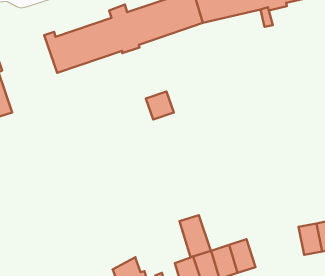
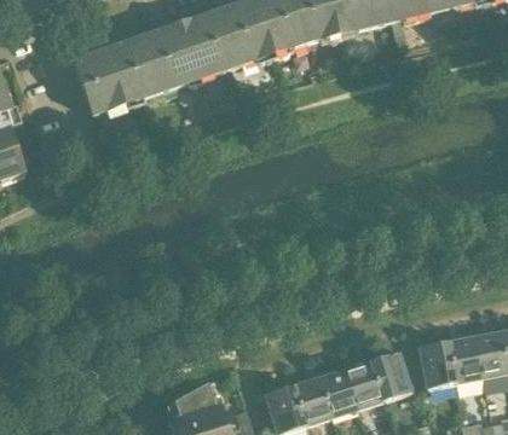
building: [146,92,174,120] -> none
building: [179,215,211,257] -> none
building: none -> [420,340,456,387]
building: none -> [371,349,412,399]

